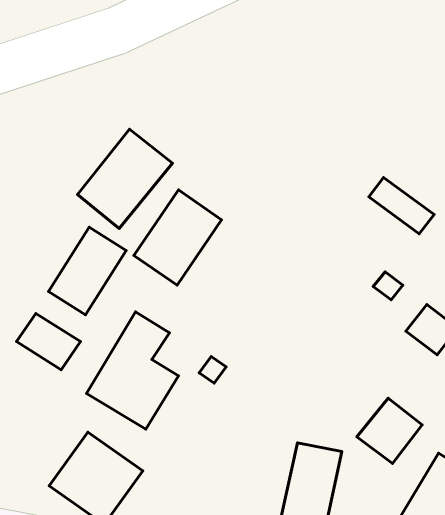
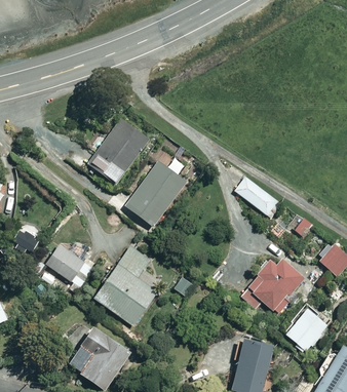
building: [369,177,434,234] -> [232,175,277,214]
building: [49,227,126,315] -> none
building: none -> [236,254,301,313]

